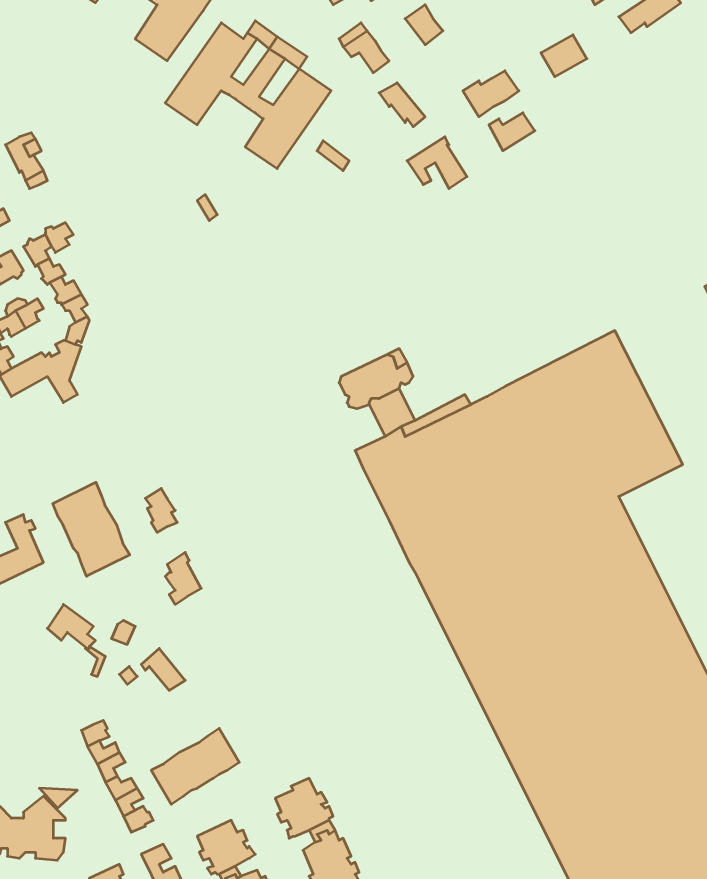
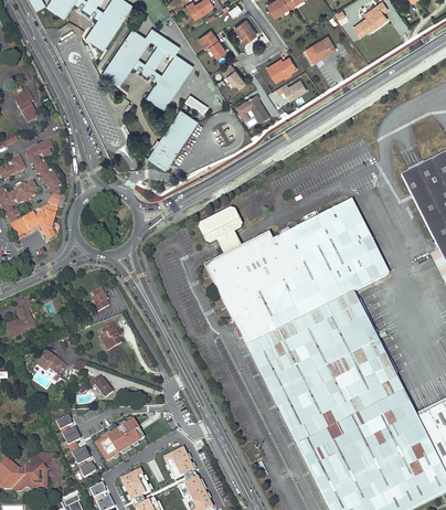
building: none -> [148,109,199,170]
building: [53,482,130,576] -> none

